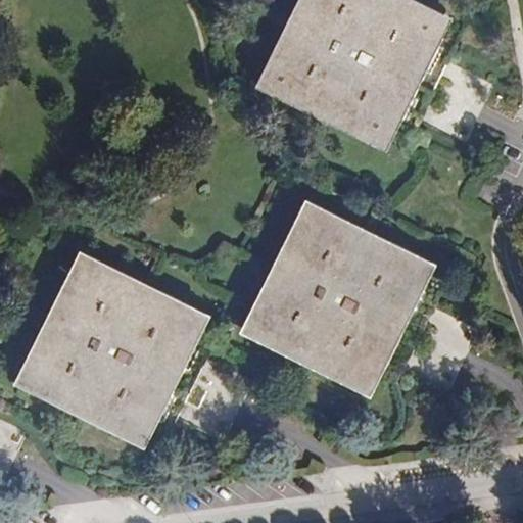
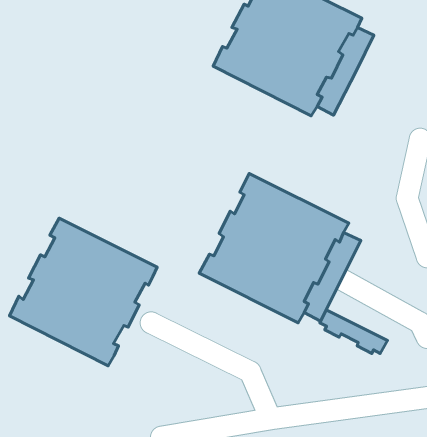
building: [135,329,203,433] -> none
building: none -> [320,310,387,354]

